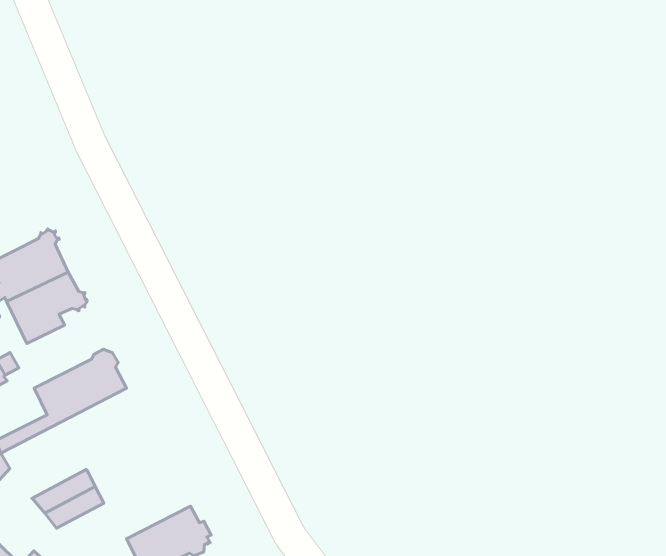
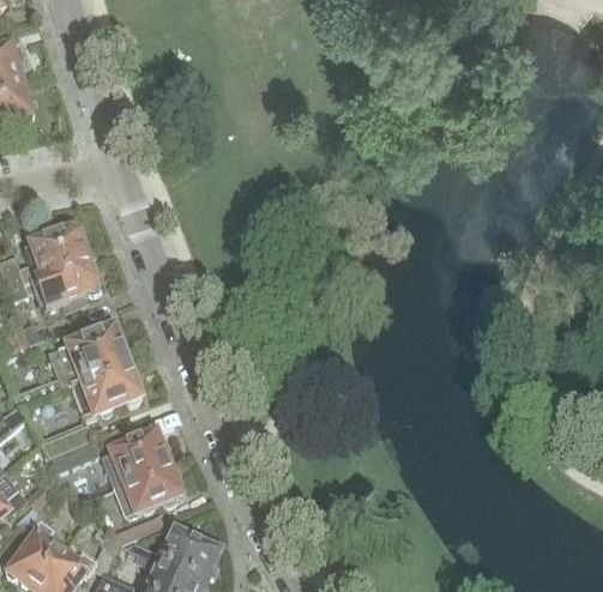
building: none -> [68,360,140,417]
building: none -> [102,430,168,483]

